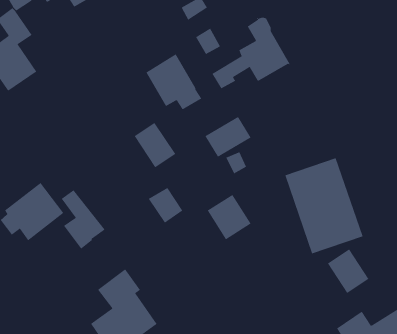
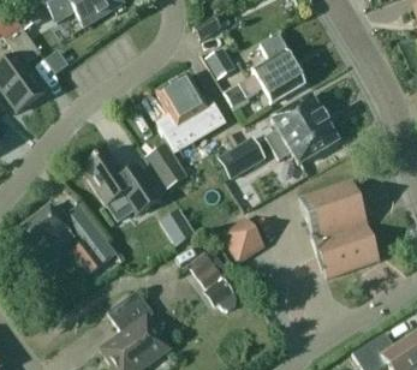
building: none -> [264,95,338,165]
building: none -> [81,149,160,214]
building: none -> [186,253,233,309]
building: [327,248,369,294] -> none

